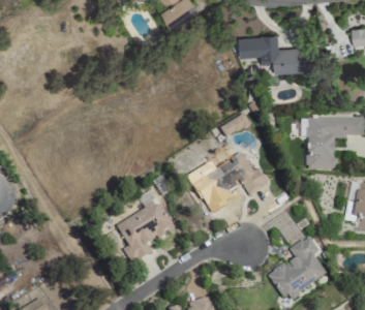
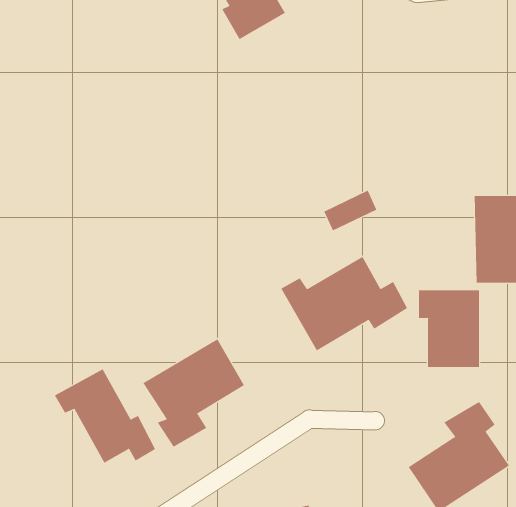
building: [239,36,314,74] -> none
building: none -> [418,290,480,368]
building: none -> [54,368,156,463]

